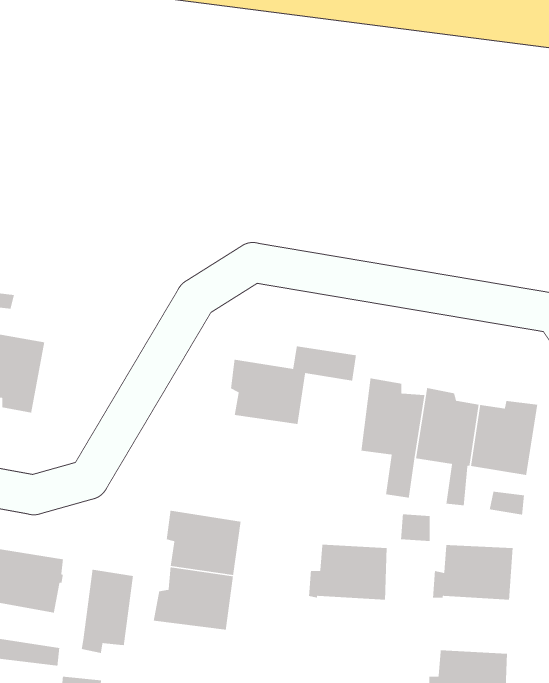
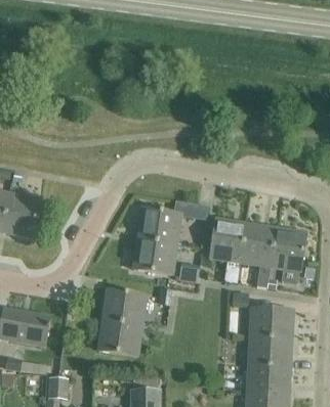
building: none -> [132,238,176,274]
building: [308,544,388,600] -> [248,336,291,367]
building: [81,569,134,654] -> none

